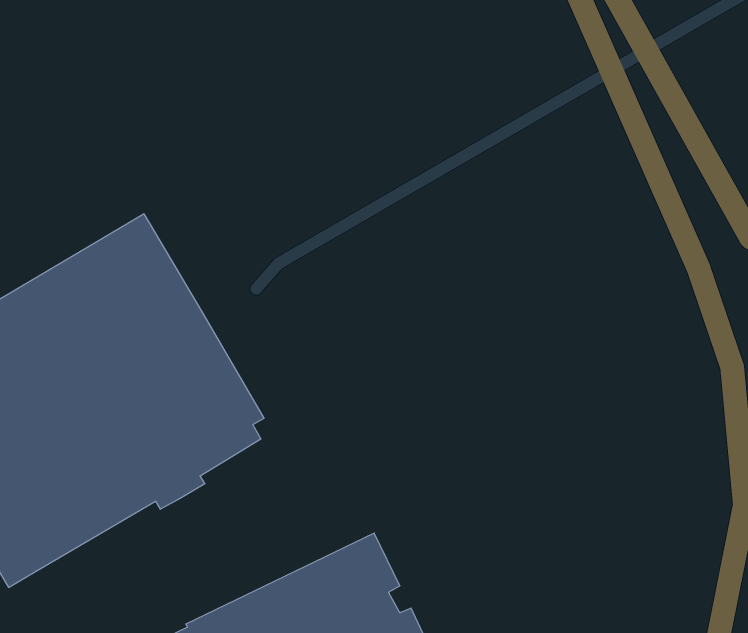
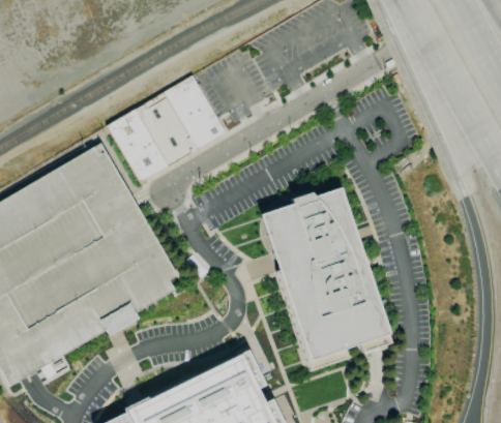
building: none -> [107,74,227,182]
building: none -> [261,187,391,369]

